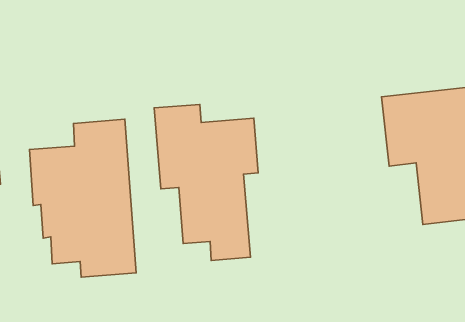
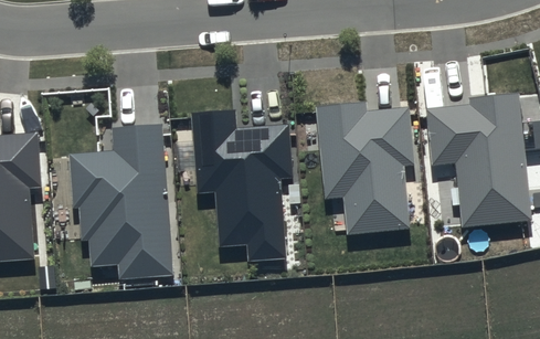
building: none -> [322,113,411,233]

